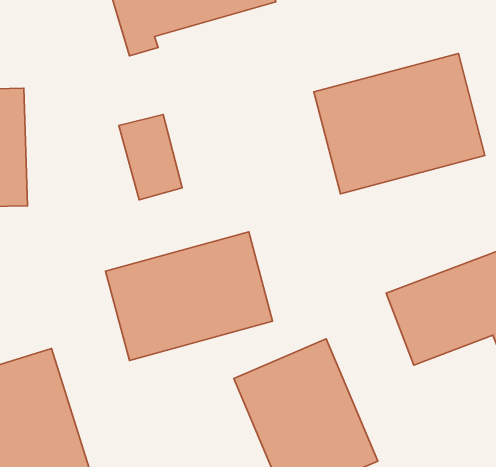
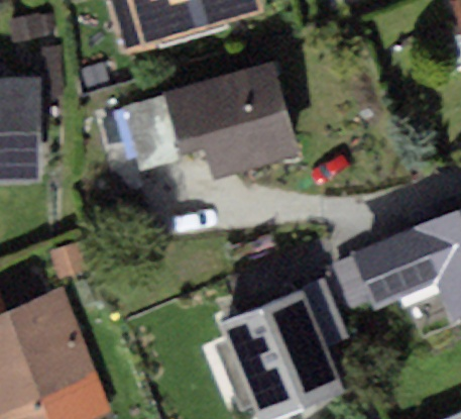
building: [314,53,485,194] -> none
building: none -> [167,70,294,177]
building: [106,232,273,360] -> none

